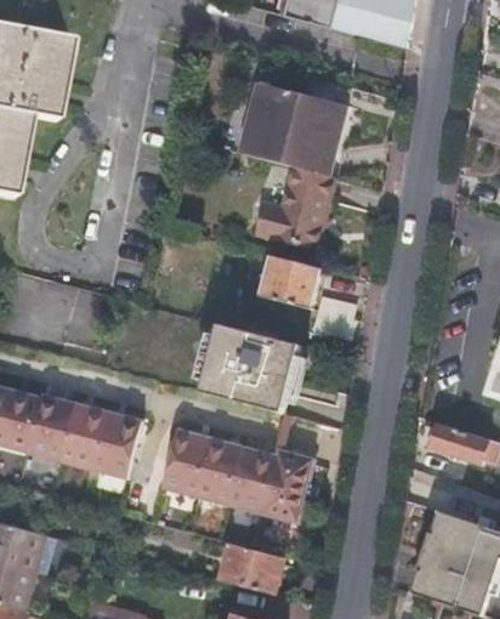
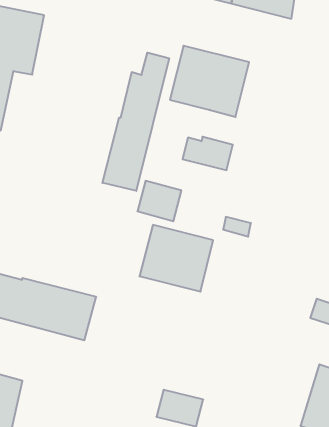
building: none -> [102,53,169,191]
building: [285,167,335,215] -> none
building: [261,255,320,310] -> [137,181,181,221]
building: [161,430,313,523] -> none

